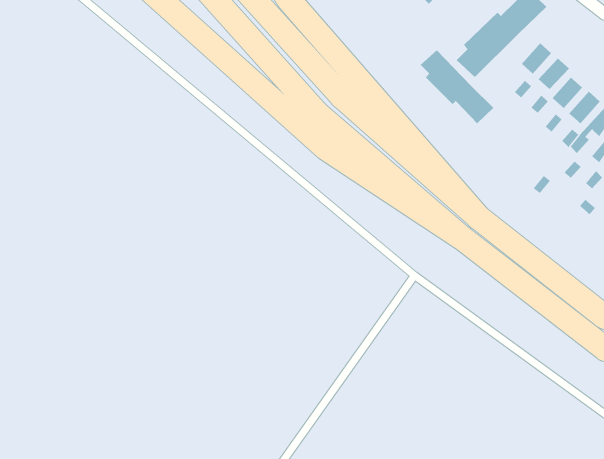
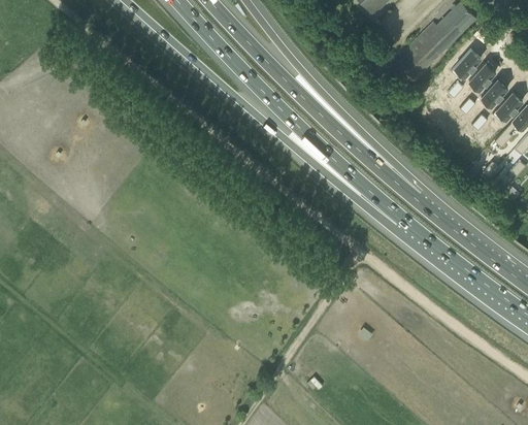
building: [420,49,494,124] -> none

